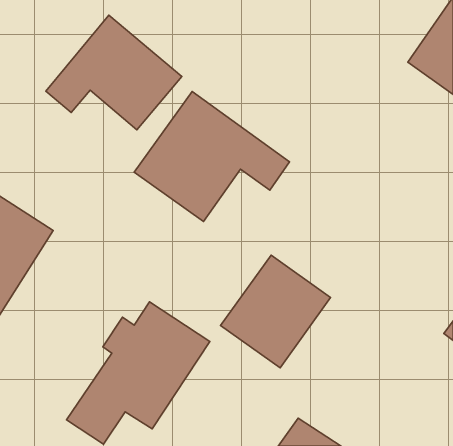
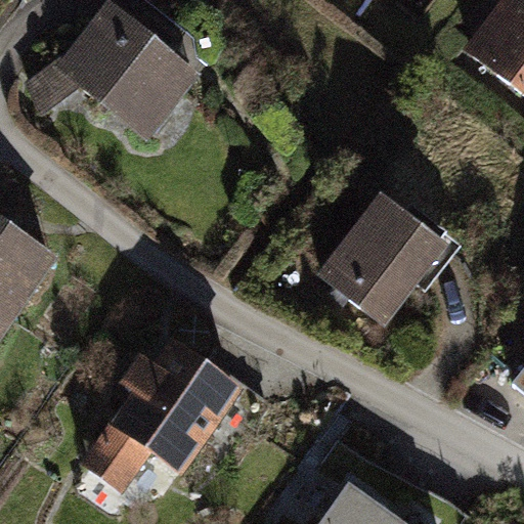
building: [134,91,290,221] -> none
building: [221,255,330,368] -> [317,198,442,325]

